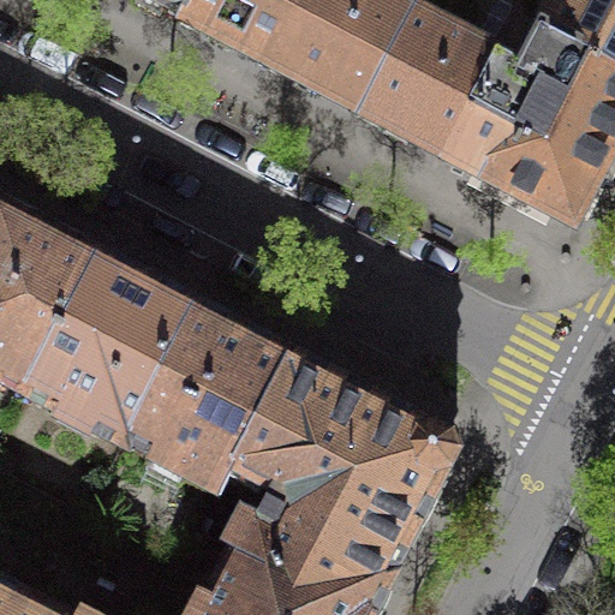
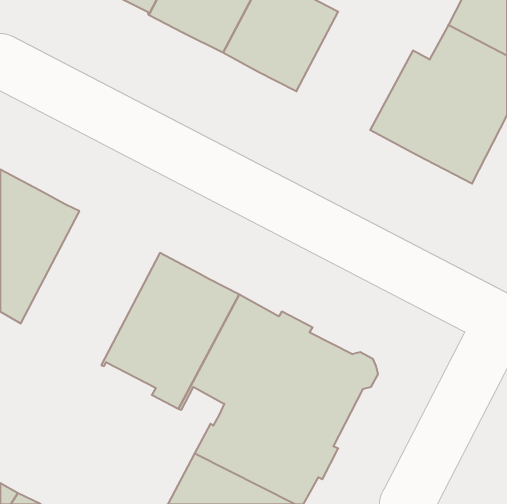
building: [359,14,500,157] -> none
building: [25,256,193,442] -> none

